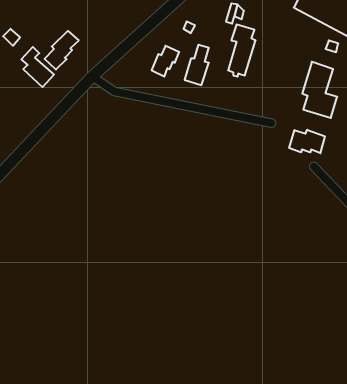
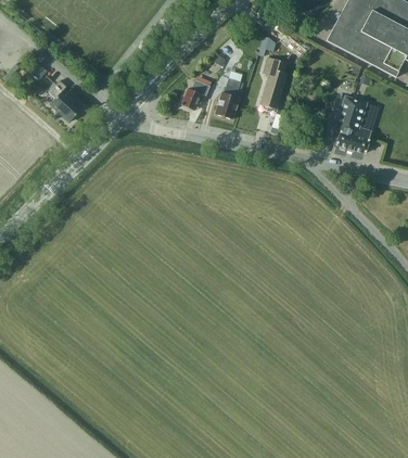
building: [45,31,79,70] -> none
building: [289,130,325,153] -> none

